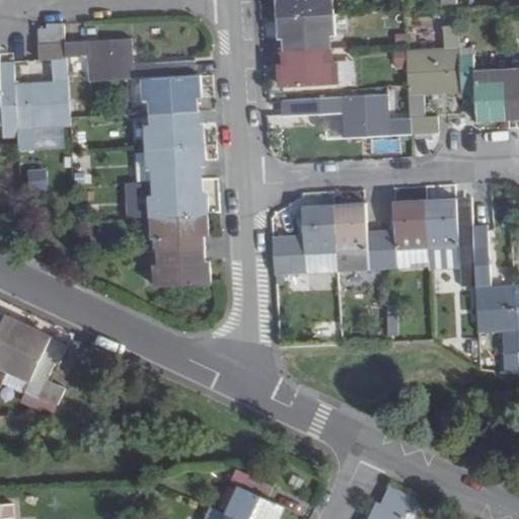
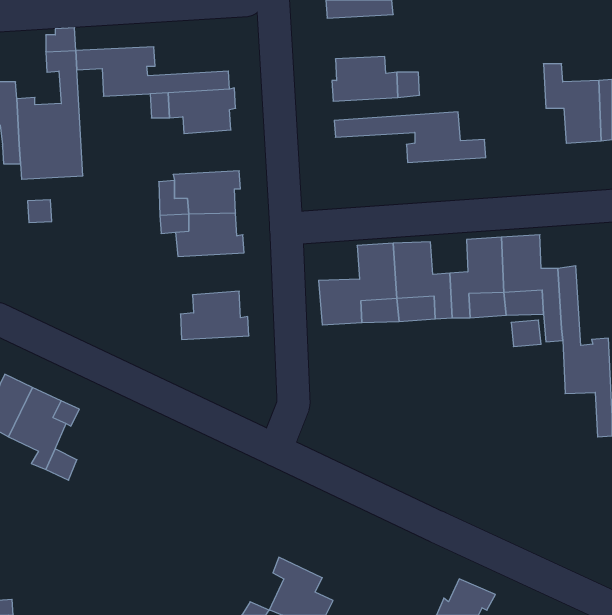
building: [276,12,333,50] -> none
building: [404,25,460,133] -> none
building: [145,109,202,147] -> none
building: [150,213,206,248] -> none

